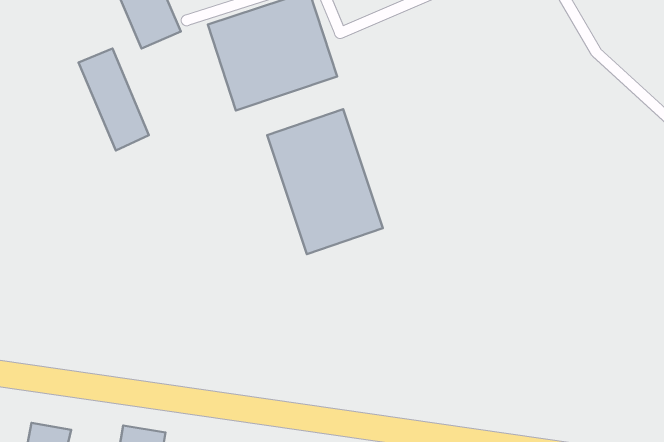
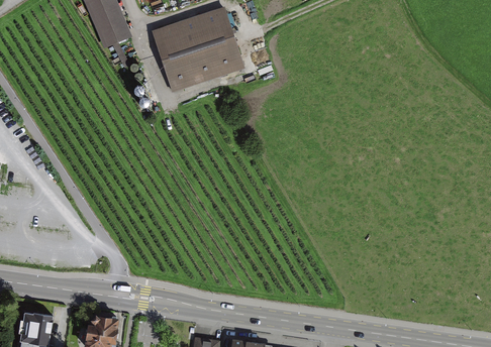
building: [78,48,149,151] -> none
building: [267,109,383,254] -> none

